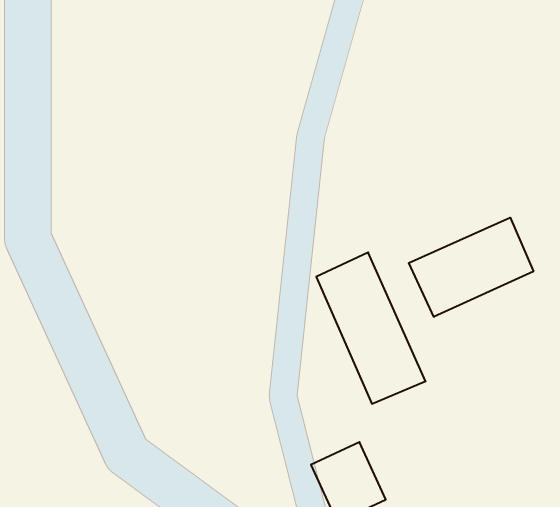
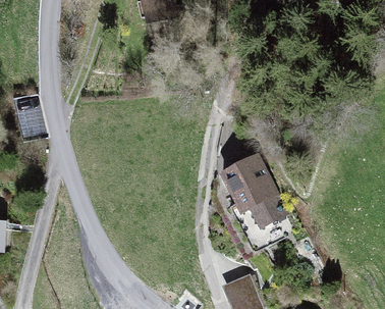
building: [409,218,533,317] -> none

